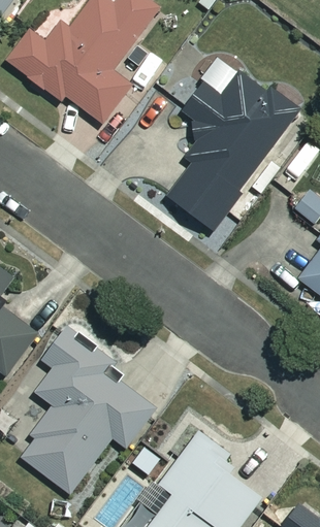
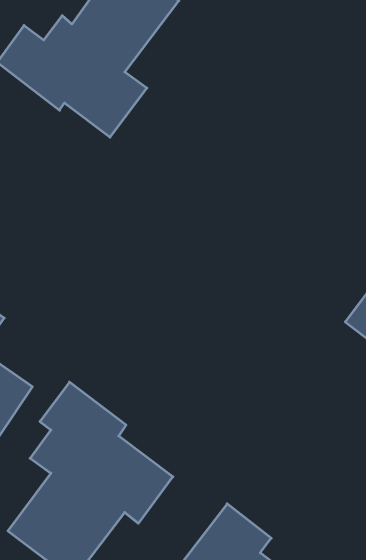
building: [167,60,294,227] -> none

